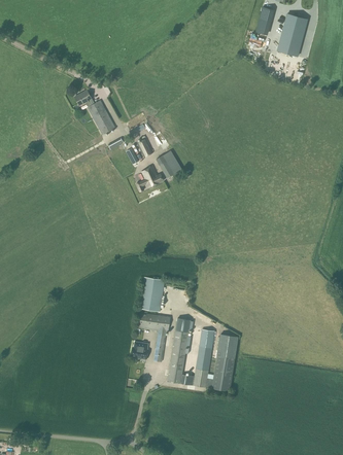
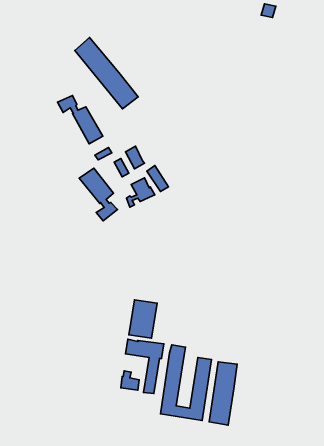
building: [277,12,308,56] -> none
building: none -> [75,38,138,109]
building: none -> [79,168,117,221]

